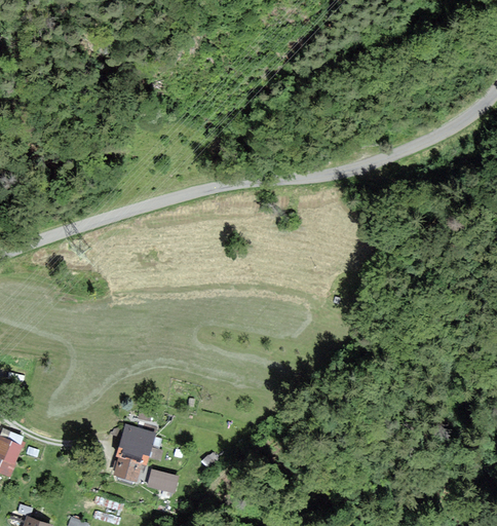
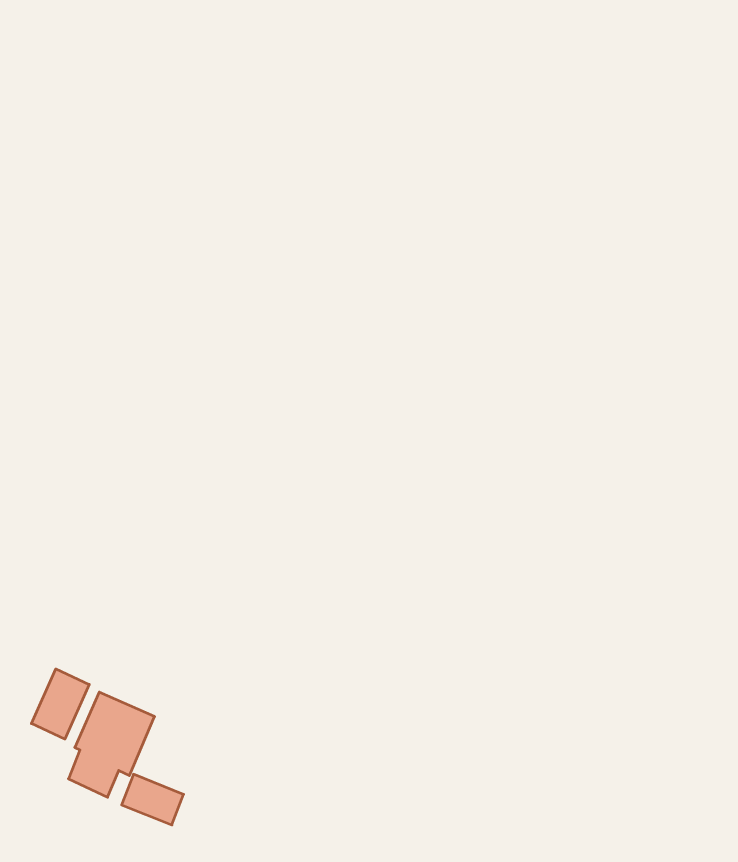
building: none -> [31,669,89,739]

